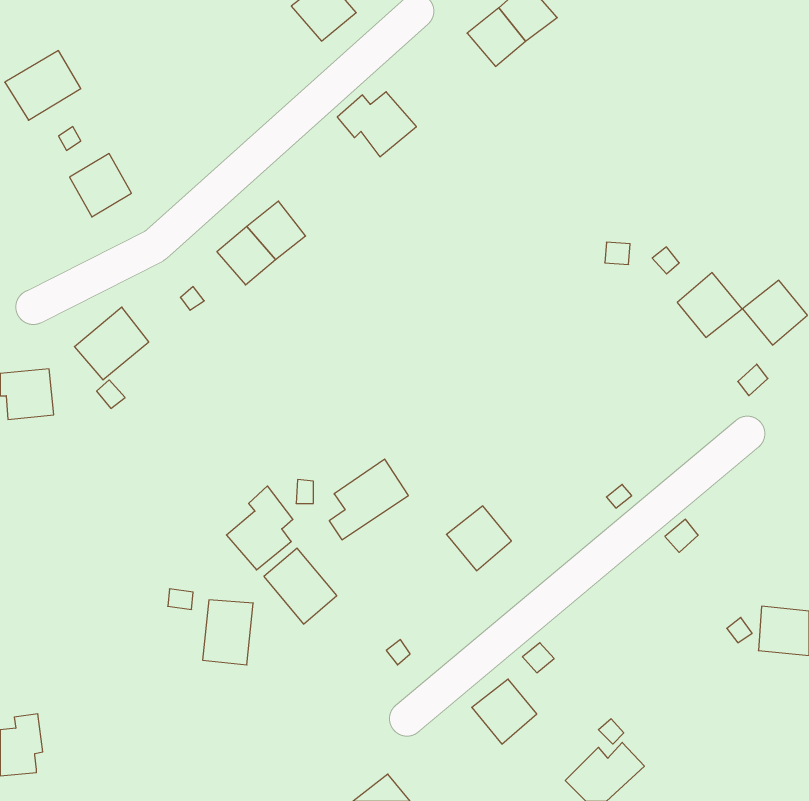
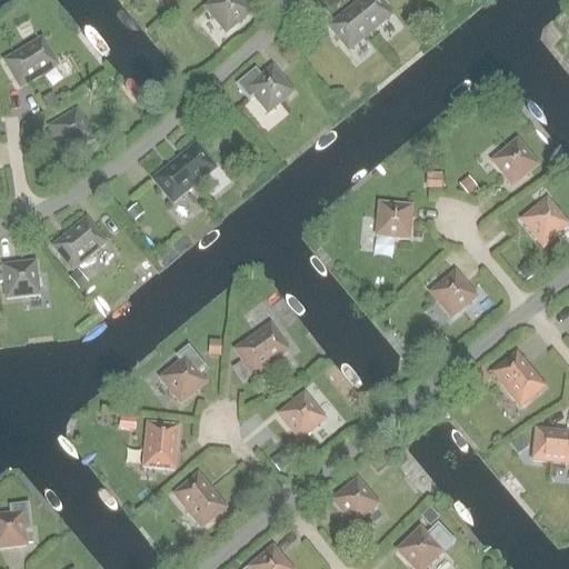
building: [677,273,742,337] -> [491,137,537,182]
building: none -> [376,200,411,236]
building: none -> [430,269,476,315]
building: none -> [492,350,543,403]
building: [446,506,511,571] -> [278,391,323,437]
building: [264,548,337,624] -> [173,471,224,525]

